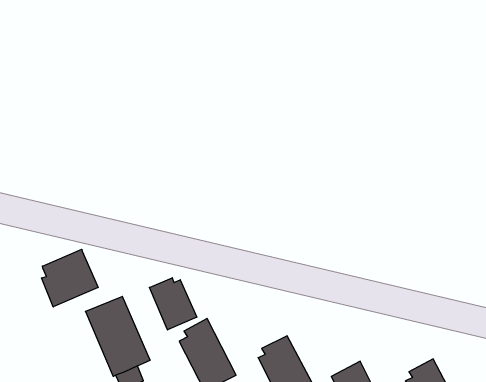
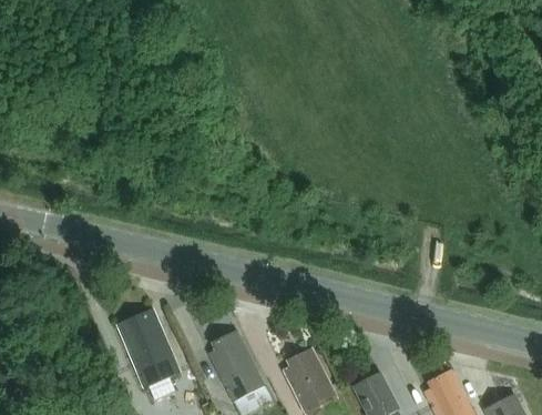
building: [41,249,98,307] -> none
building: [149,278,197,330] -> none

